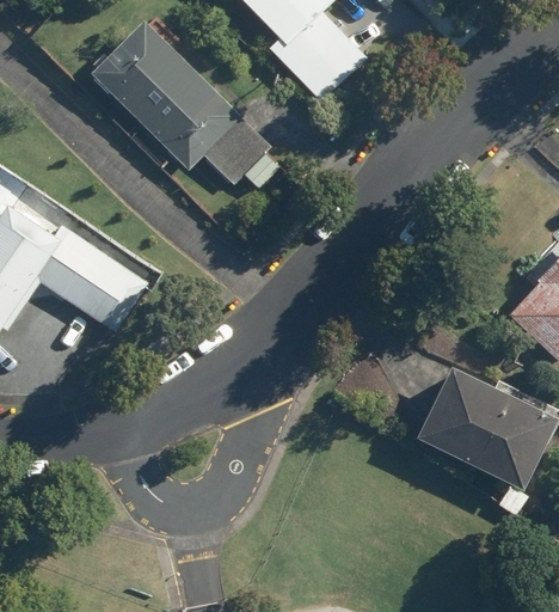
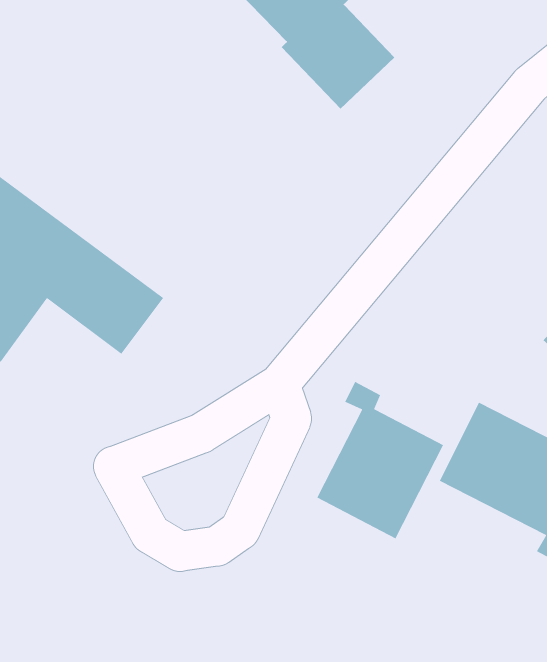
building: [90,19,282,189] -> none
building: none -> [316,381,444,539]

